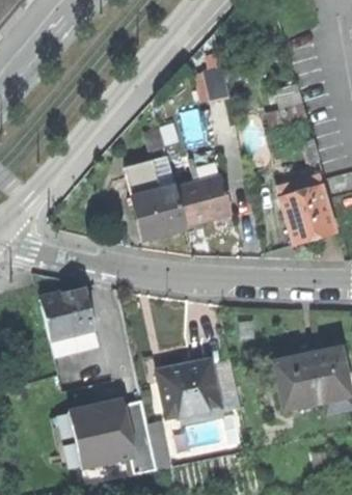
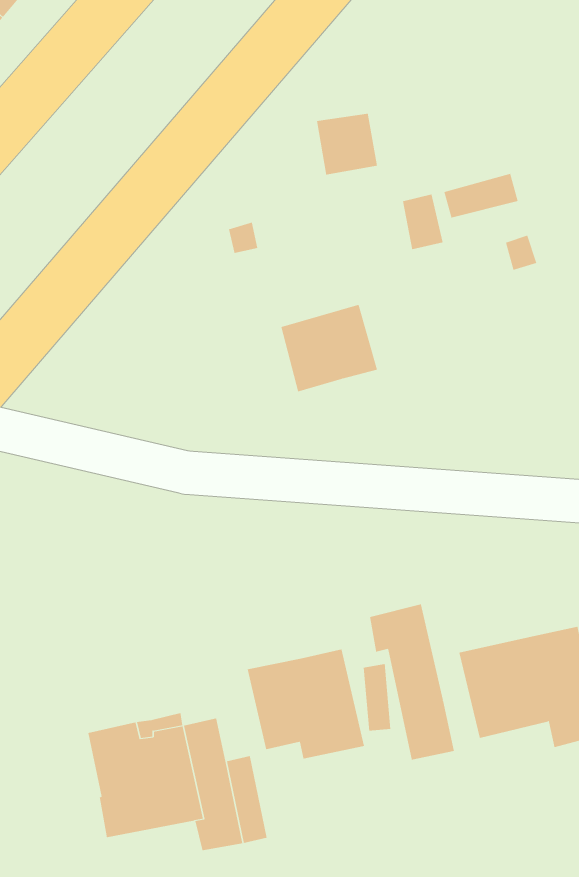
building: [124,149,186,232] -> none
building: [277,171,333,237] -> none
building: [43,288,97,356] -> none
building: none -> [369,603,455,761]

